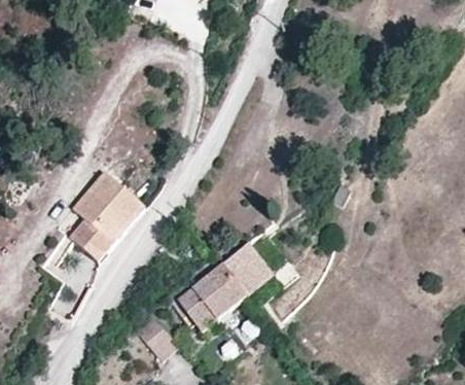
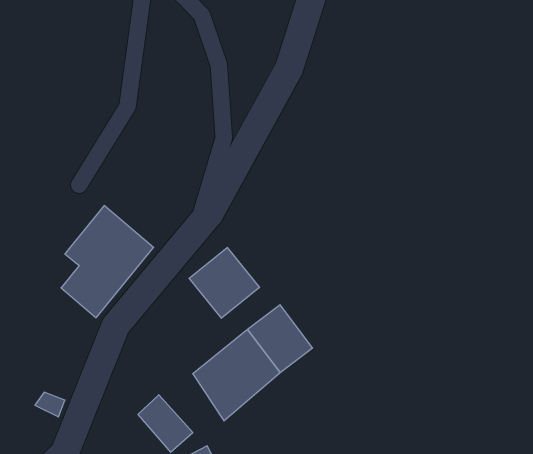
building: none -> [189,247,260,318]

